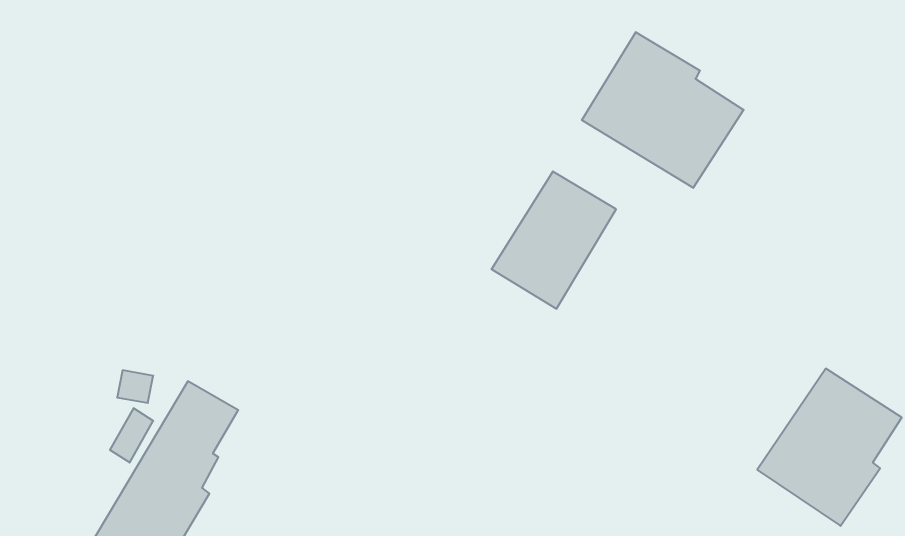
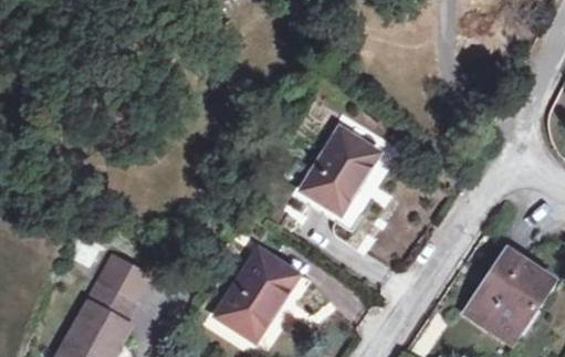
building: [582,32,744,188] -> none
building: none -> [215,249,297,342]

